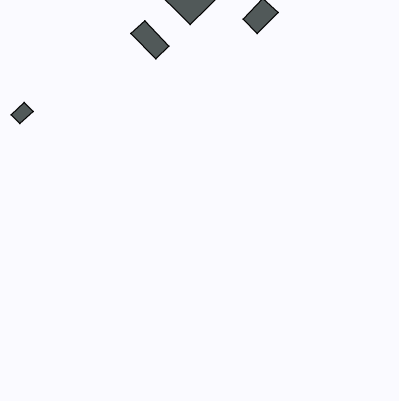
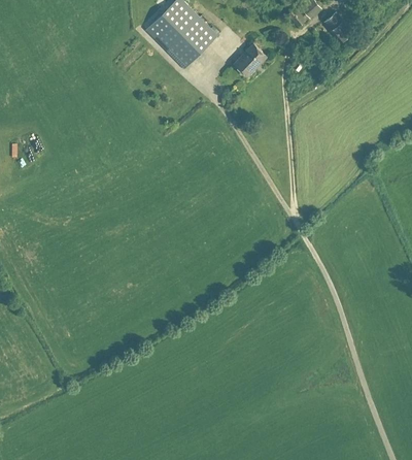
building: [131,21,169,59] -> none

